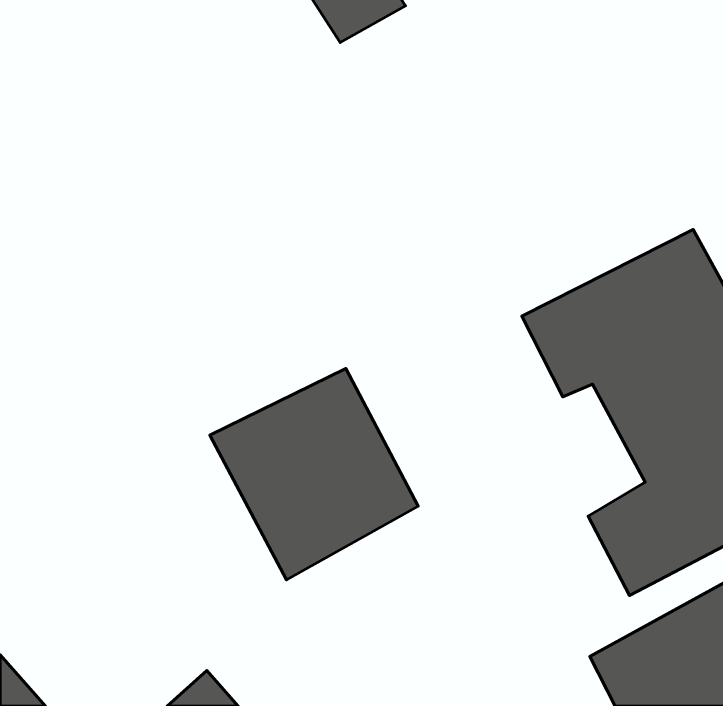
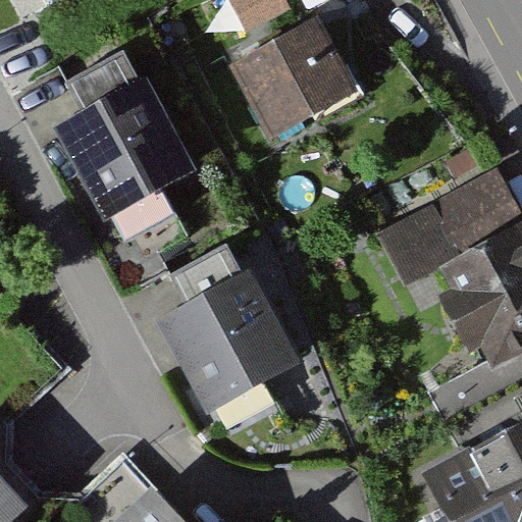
building: none -> [231,13,367,145]
building: none -> [46,74,196,224]

